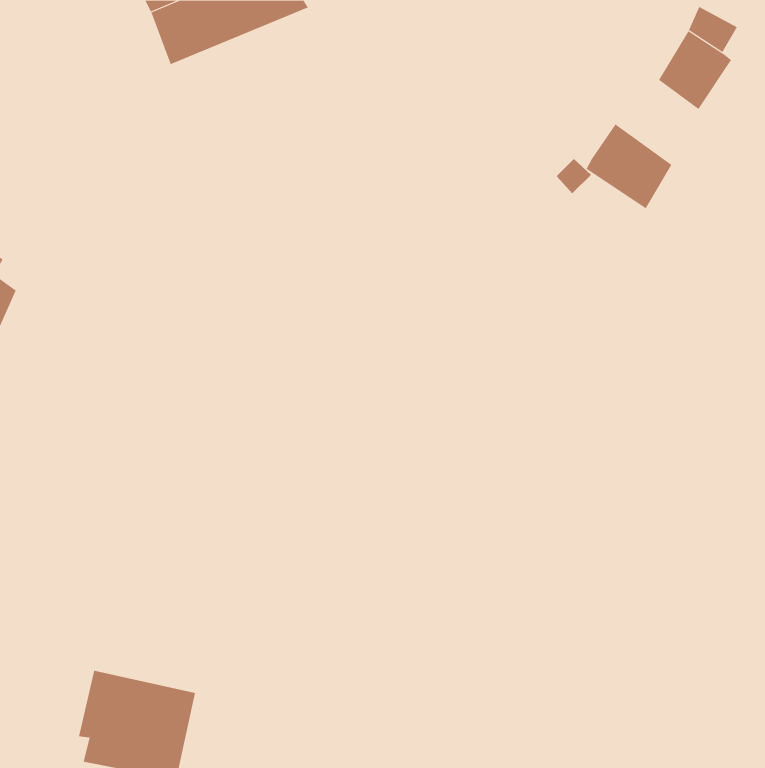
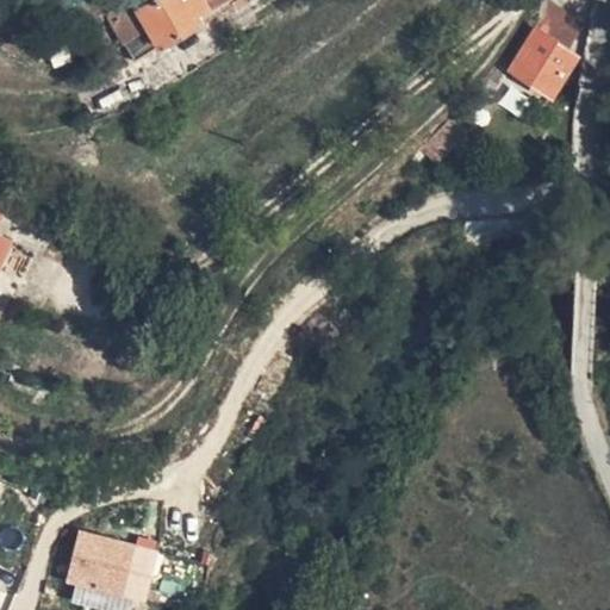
building: [586,123,672,209] -> none

